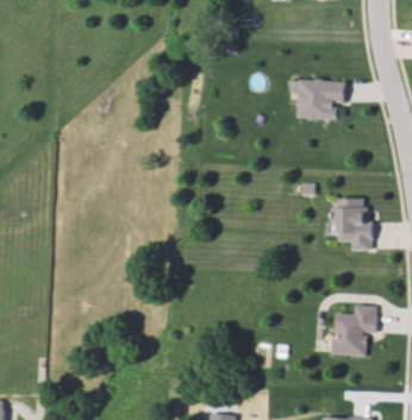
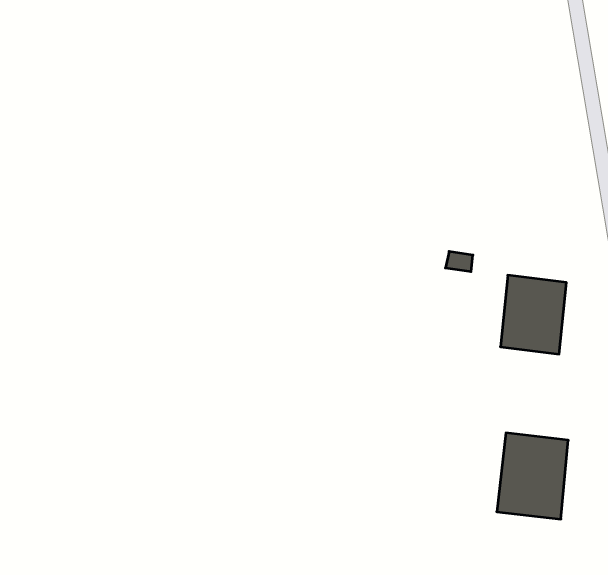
building: [298,80,345,119] -> none

